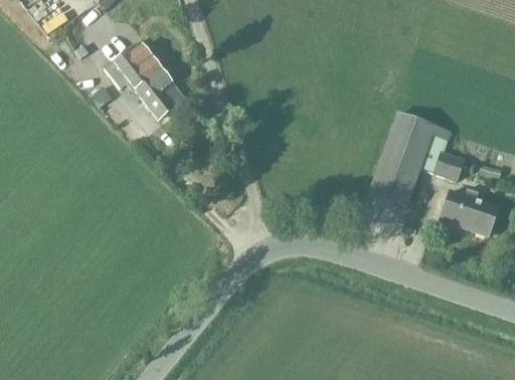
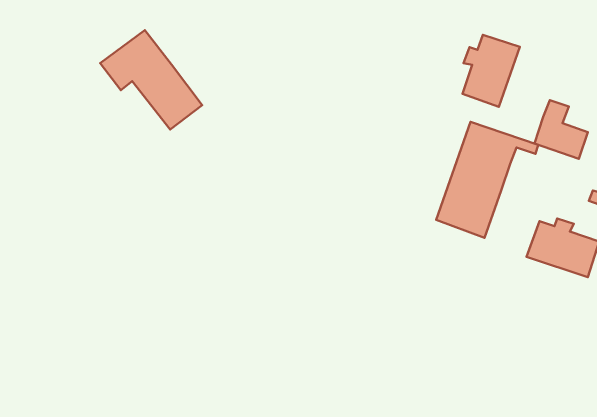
building: none -> [462,35,520,107]
building: [420,133,463,179] -> [534,100,588,159]

